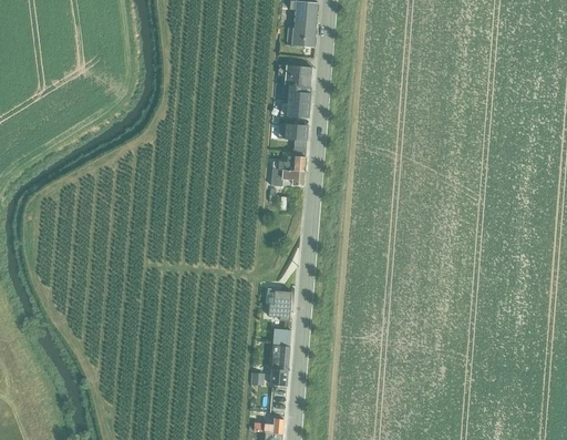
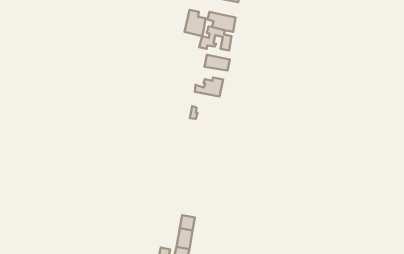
building: none -> [185,10,205,36]
building: [270,168,303,186] -> none
building: [266,288,291,320] -> none

